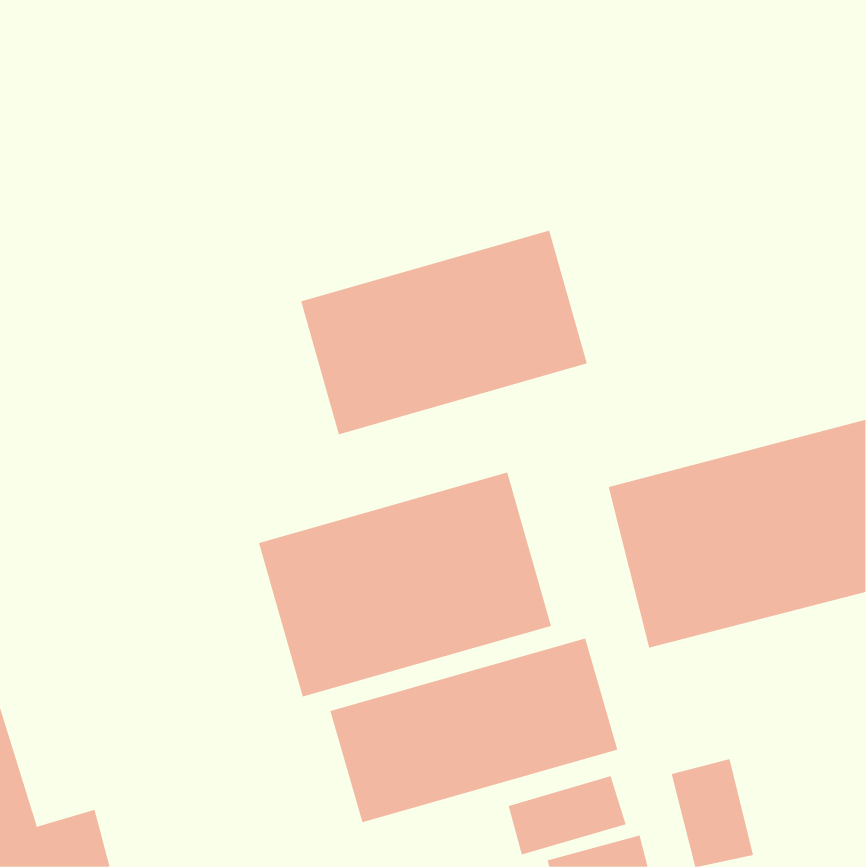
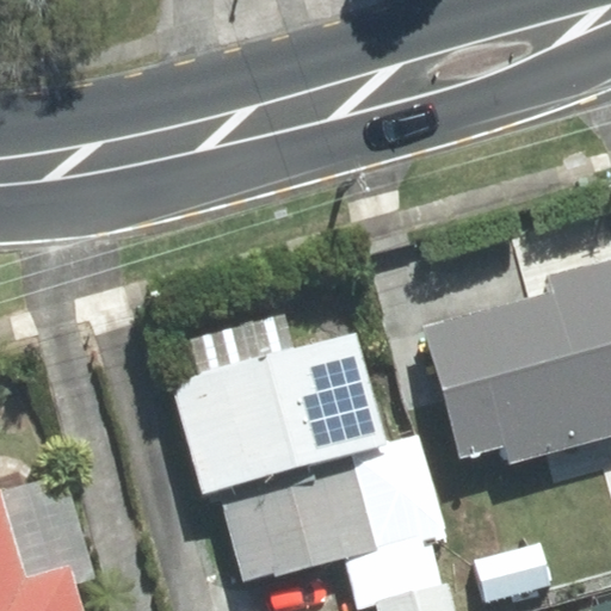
building: [301,230,588,435] -> none

